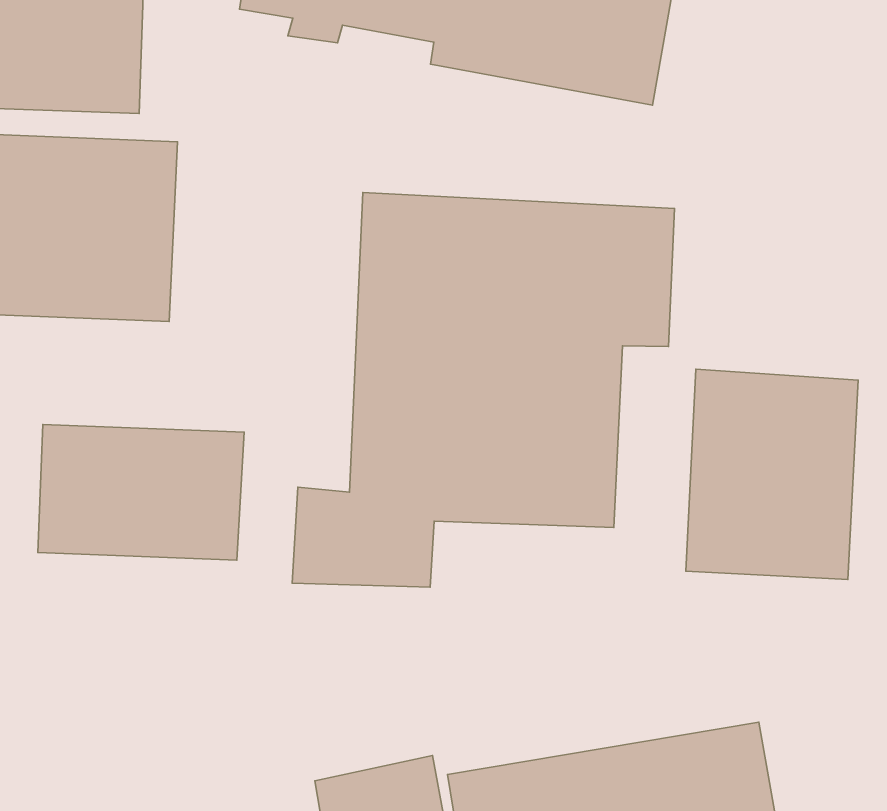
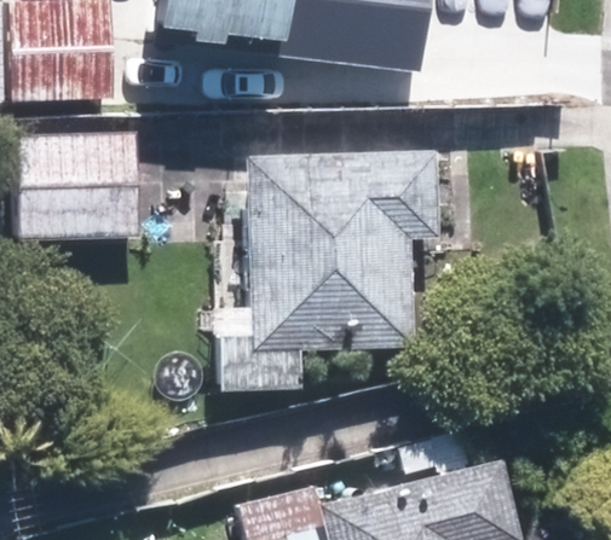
building: [686,369,858,580] -> none
building: [38,424,244,560] -> none

